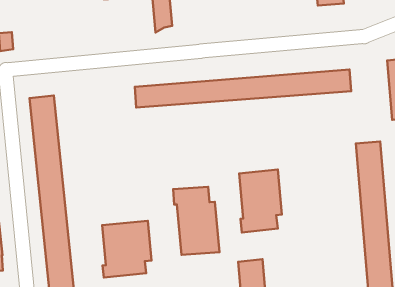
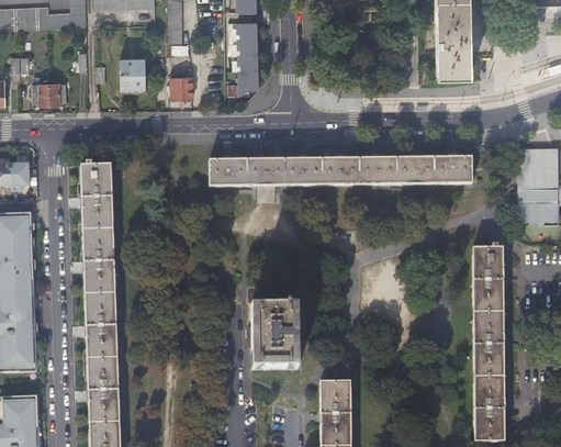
building: none -> [120,57,145,89]
building: none -> [170,69,192,99]
building: [239,170,282,232] -> none
building: [102,221,151,278] -> none

